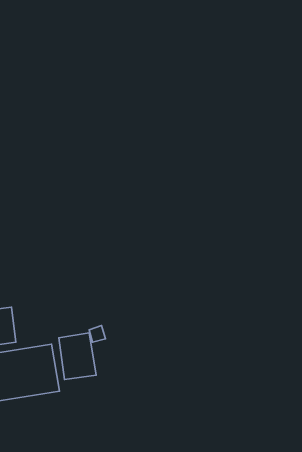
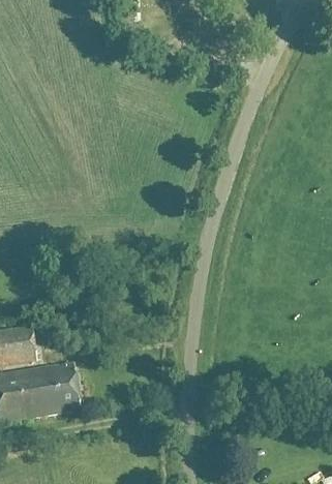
building: [59,333,96,380] -> none

